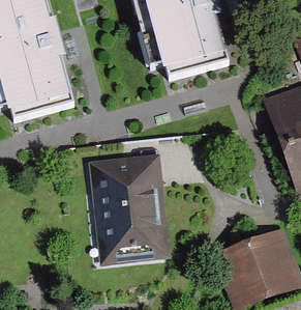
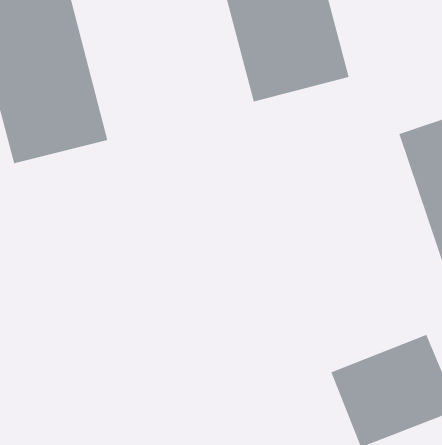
building: [94,158,164,254] -> none

